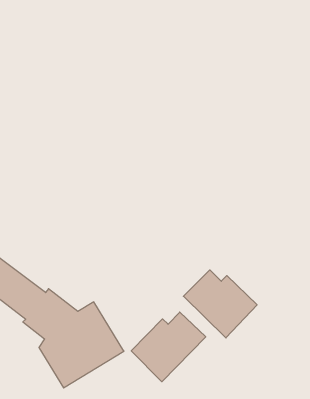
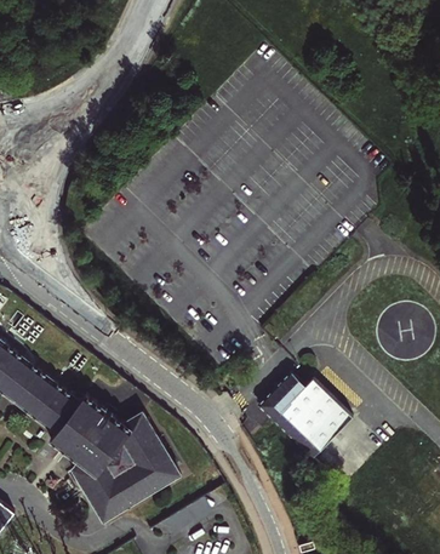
building: [131,312,206,382] -> none

